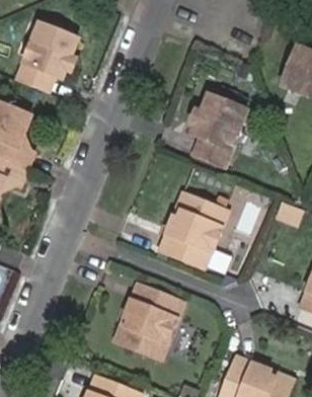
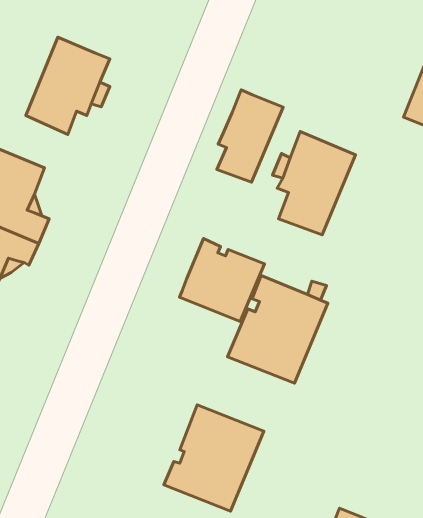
building: none -> [217,90,283,182]
building: none -> [180,239,265,321]

